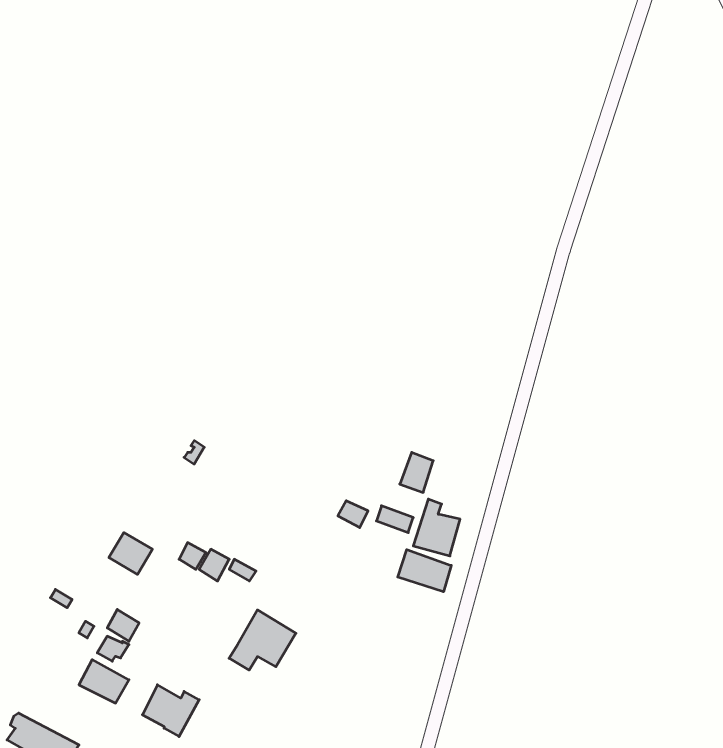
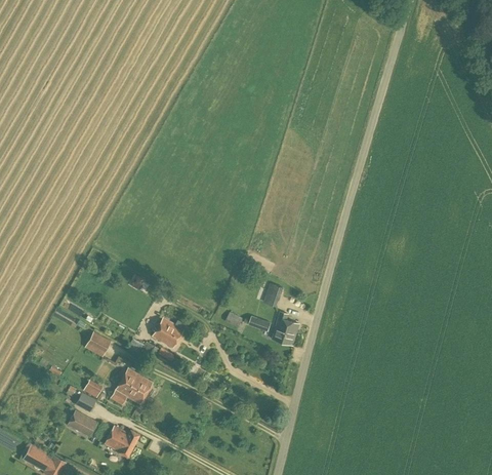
building: none -> [153,318,186,349]
building: [398,550,451,592] -> none
building: [229,610,296,670] -> [111,369,152,406]

